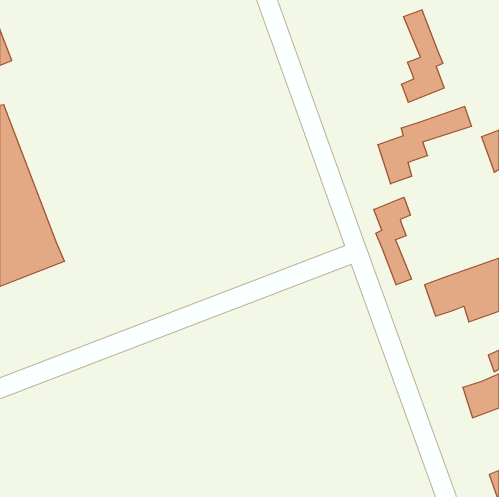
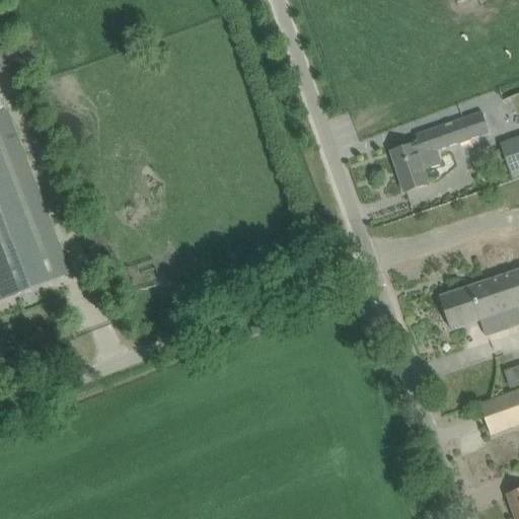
building: [402,10,444,102] -> none
building: [374,197,411,285] -> none

